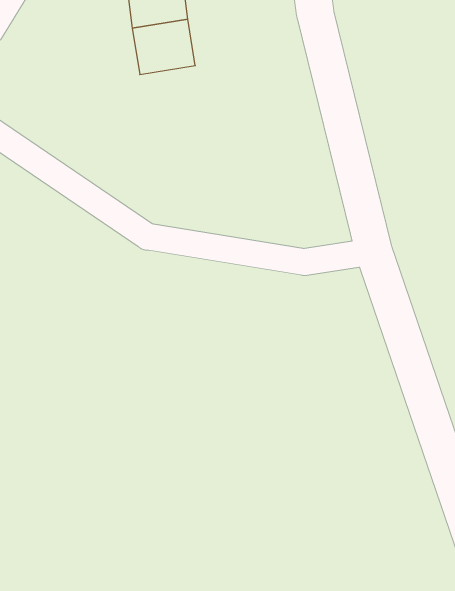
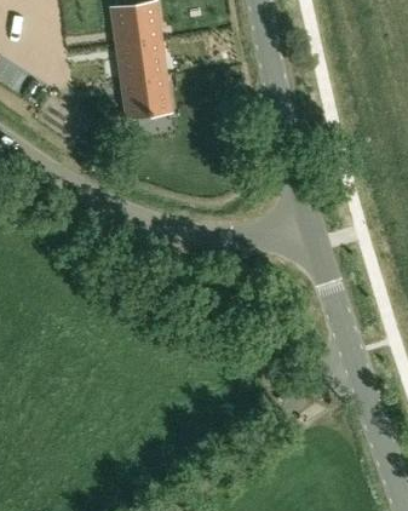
building: none -> [121,76,171,117]

